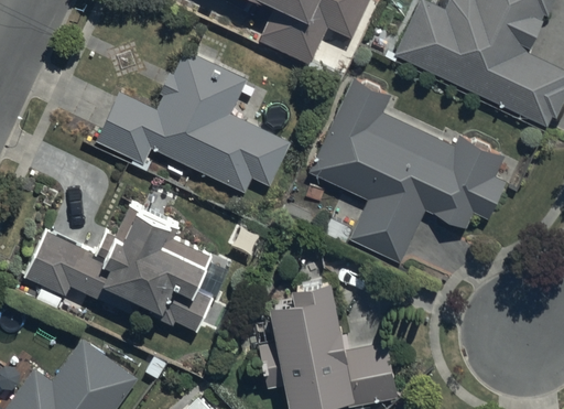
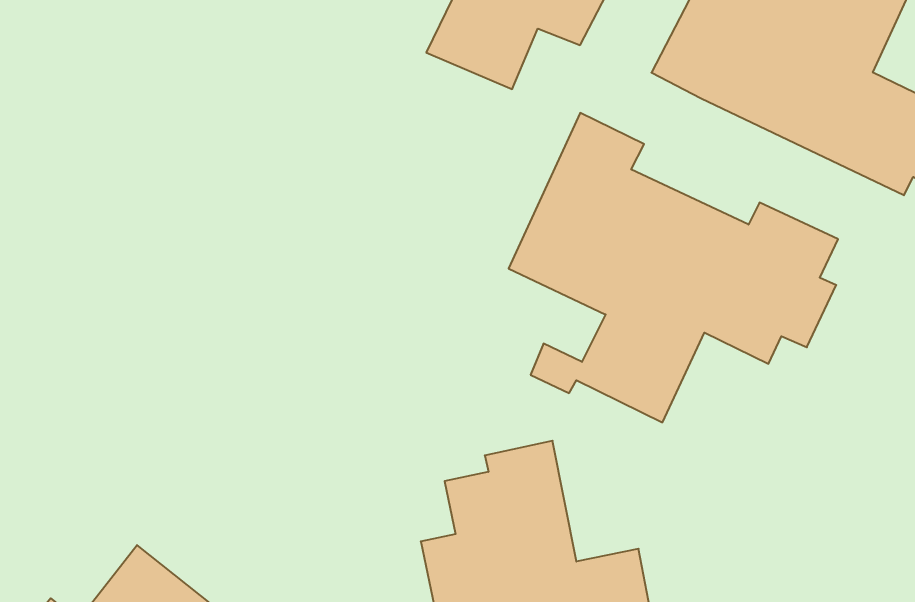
building: [95,52,290,194] -> none
building: [22,202,217,332] -> none

